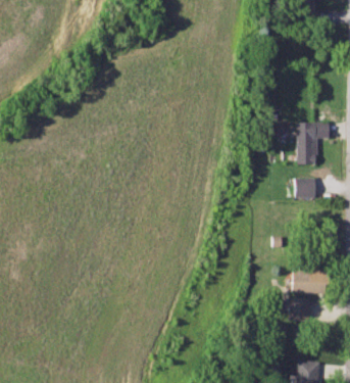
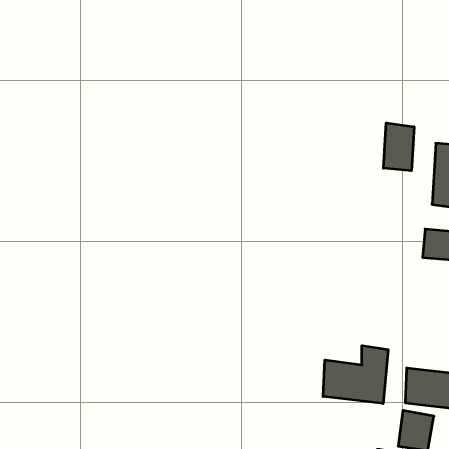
building: none -> [383,123,414,171]
building: none -> [323,346,388,404]

